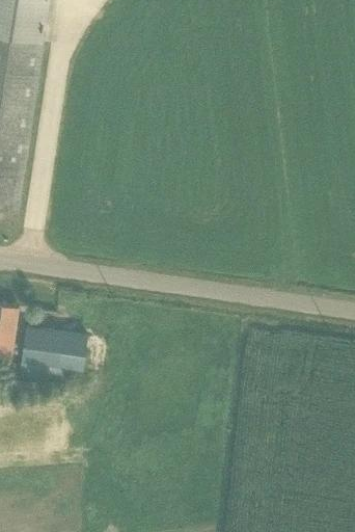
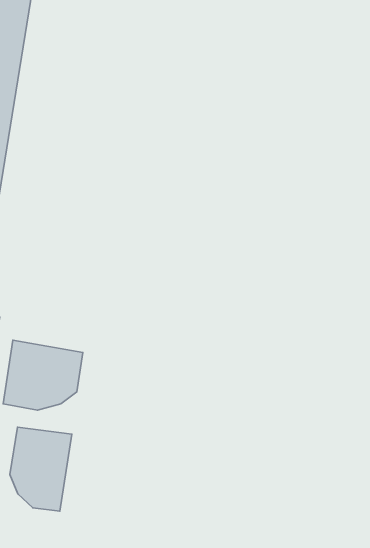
building: none -> [10,427,72,511]

